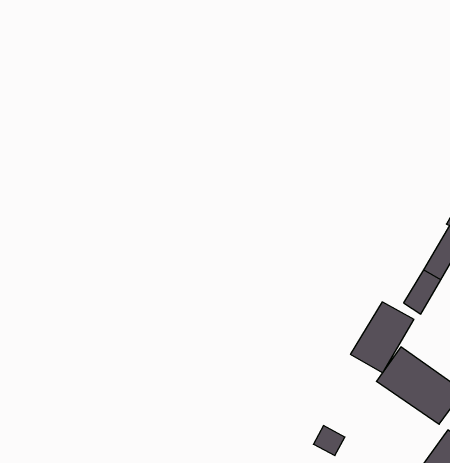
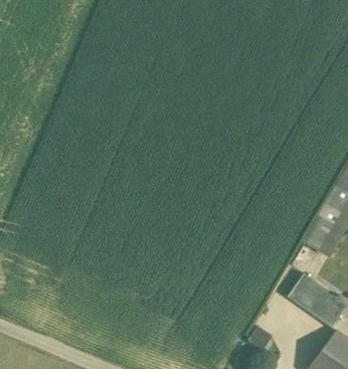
building: [351,302,414,373] -> none

